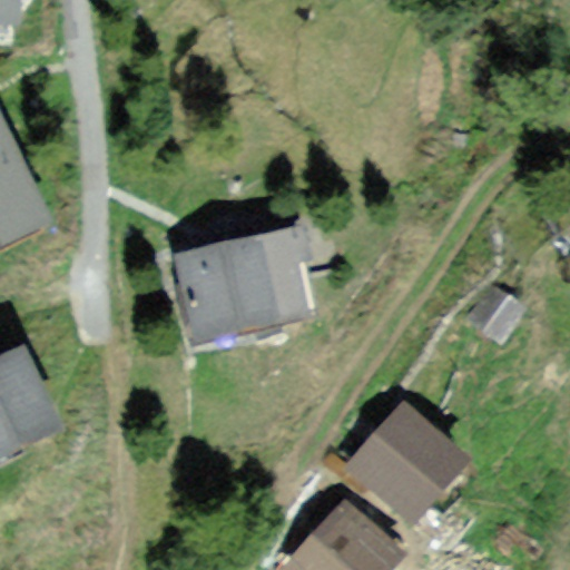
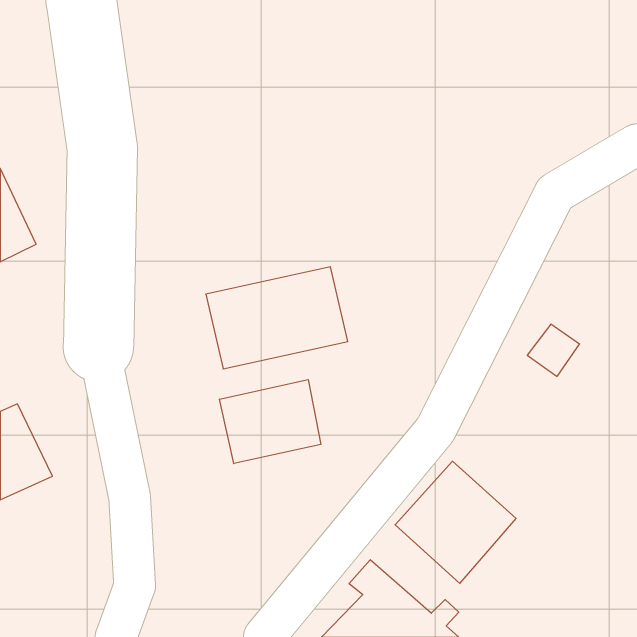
building: none -> [220,380,321,464]

